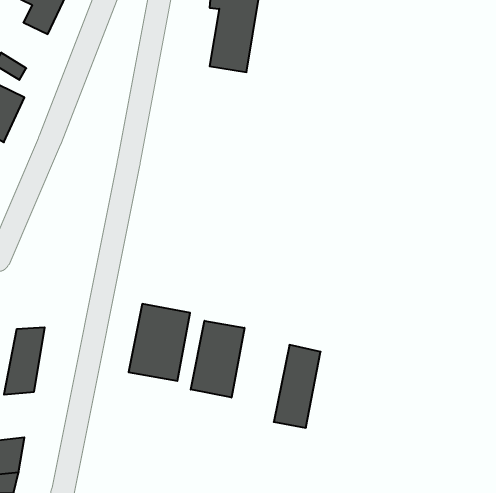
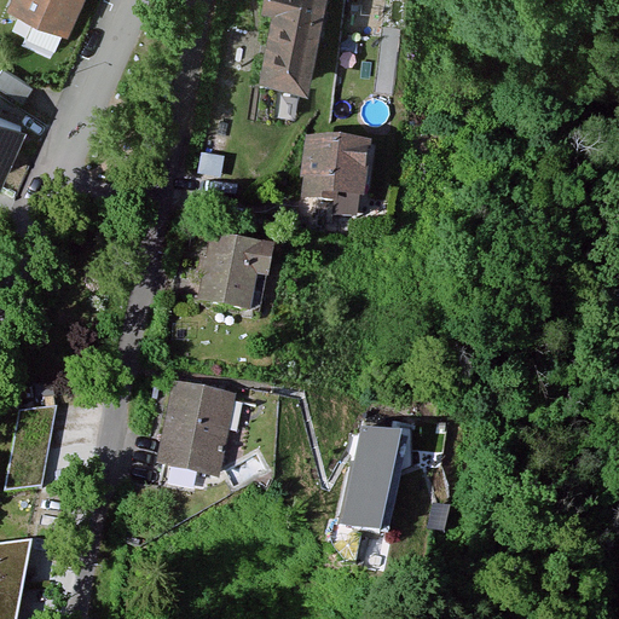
building: none -> [299,139,366,212]
building: none -> [202,235,265,311]
building: [191,321,244,398] -> none

